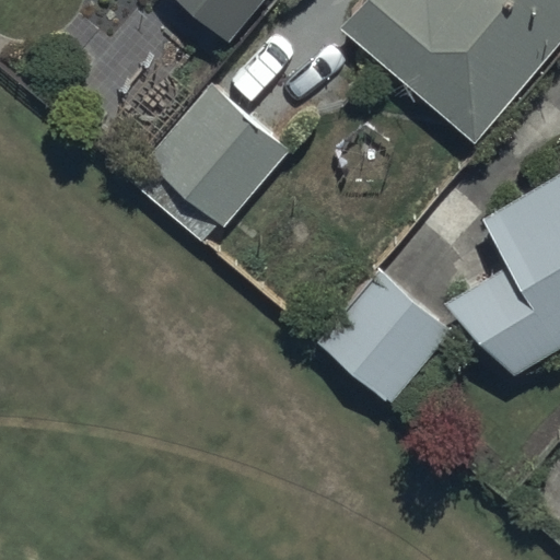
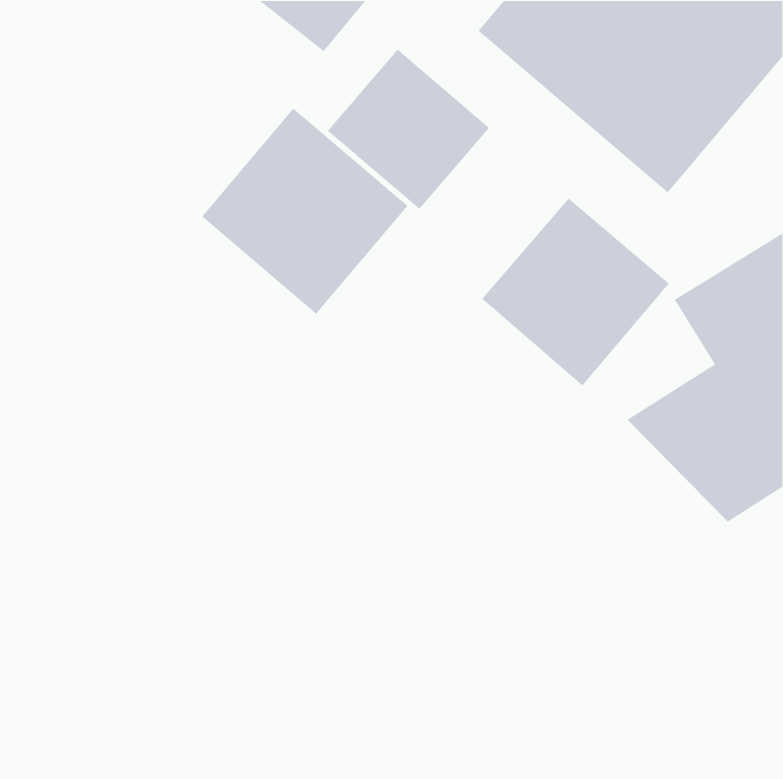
building: none -> [327,49,490,210]
building: [318,270,453,405] -> [481,198,670,387]

